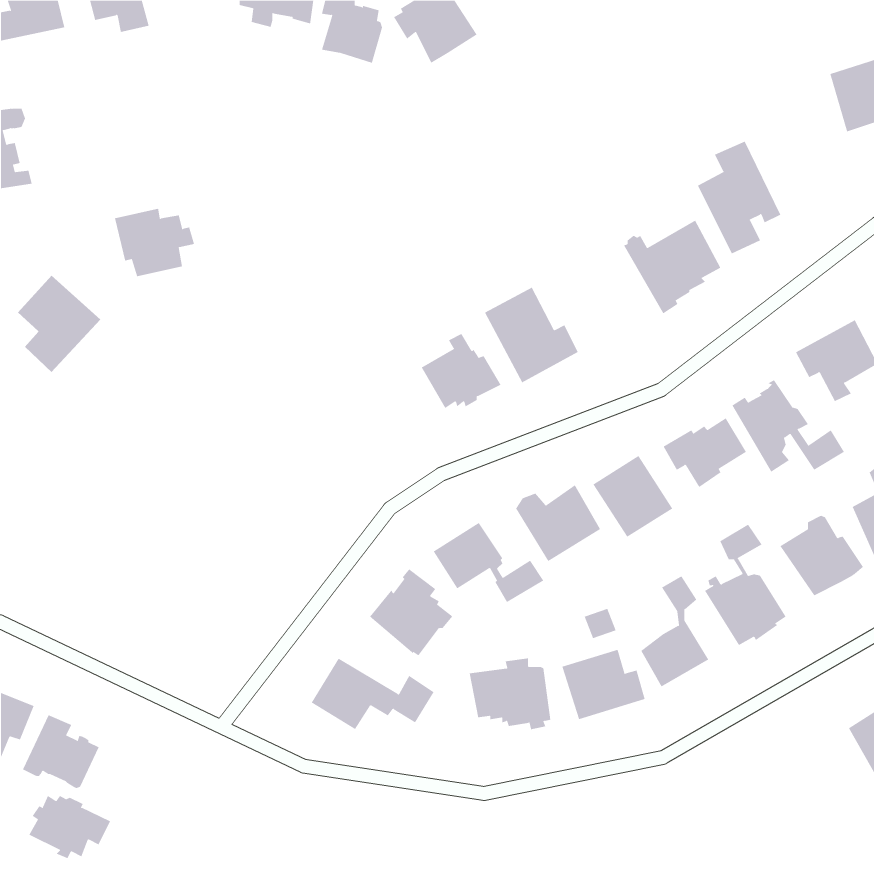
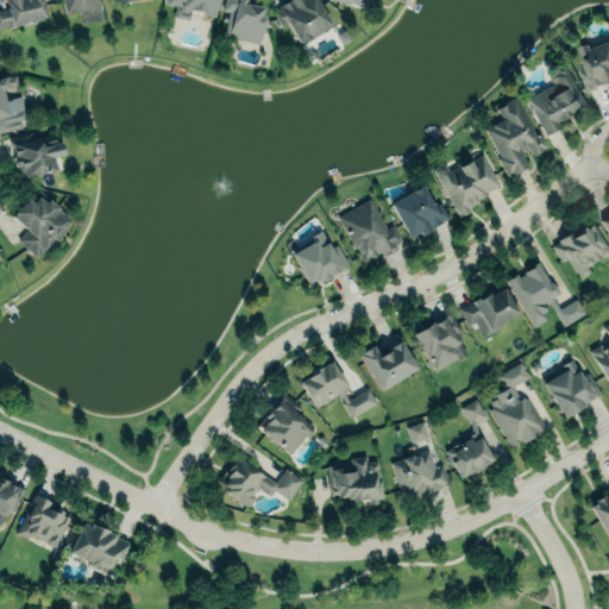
building: none -> [527,64,588,137]
building: [114,208,195,277] -> [10,131,65,178]
building: none -> [391,187,451,239]
building: [28,795,111,859] -> [73,526,130,570]

